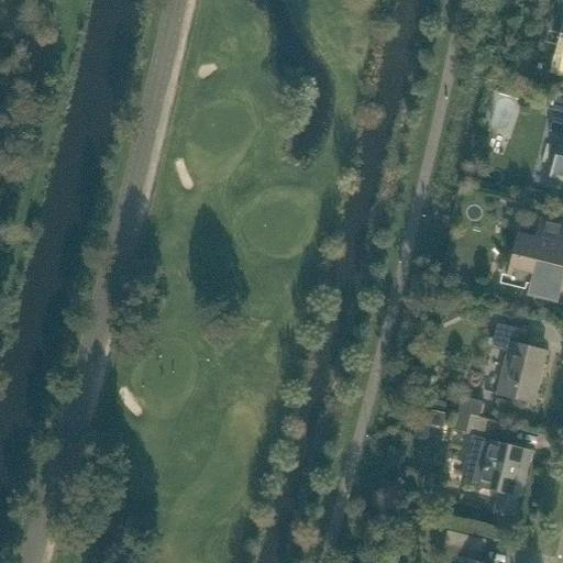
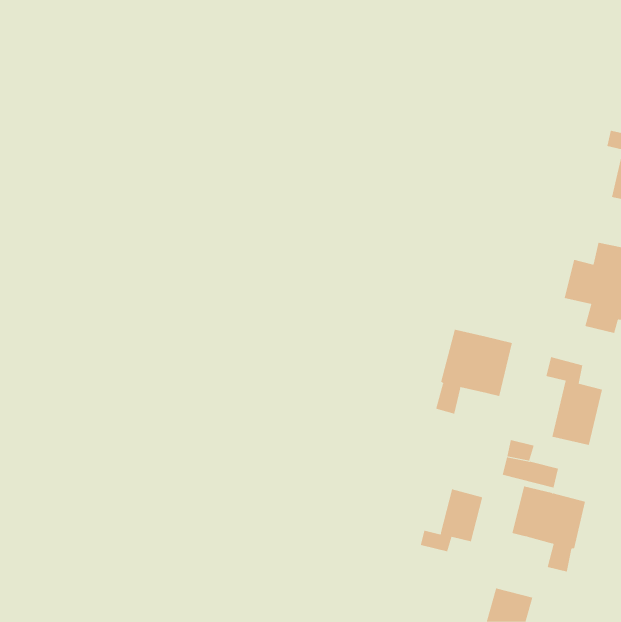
building: none -> [435,329,512,414]
building: none -> [420,488,483,552]

